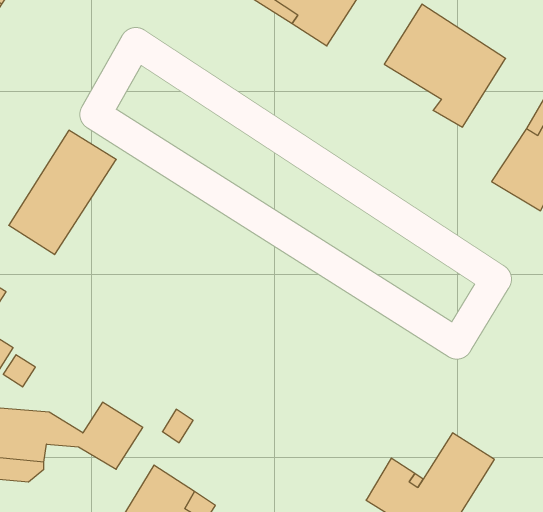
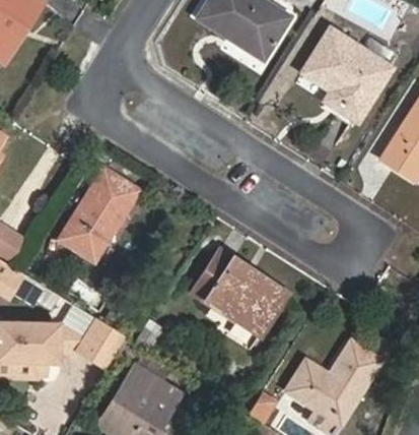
building: [9,130,116,255] -> [58,172,136,262]
building: none -> [190,249,284,334]

